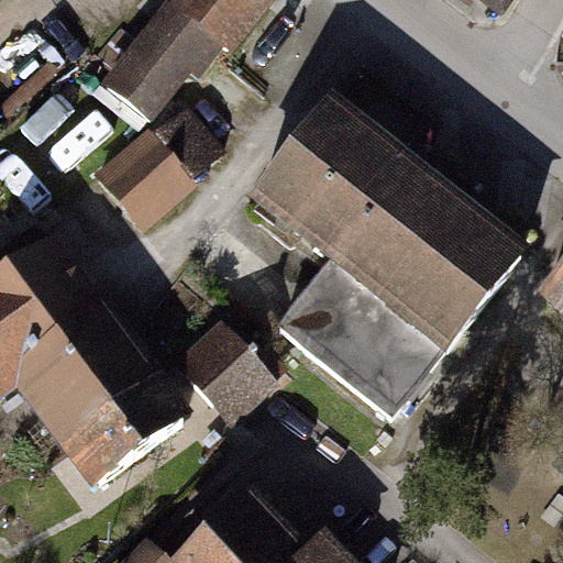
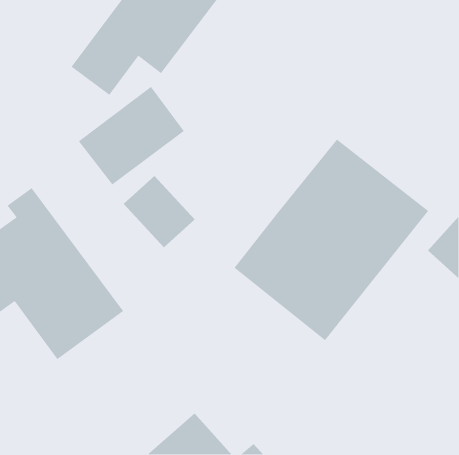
building: [256,104,409,260] -> none
building: [183,327,271,416] -> [123,175,195,248]
building: [69,378,179,477] -> none

